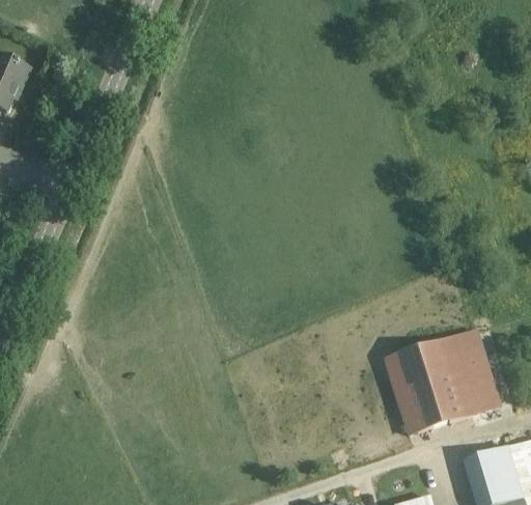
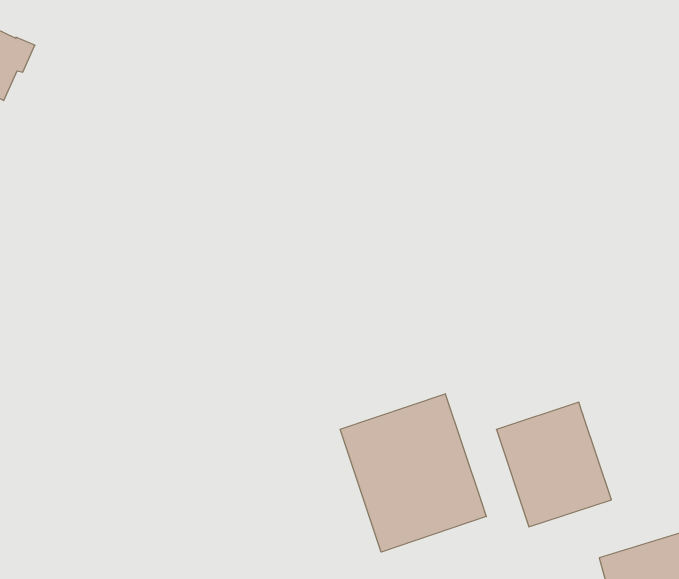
building: none -> [340,394,486,552]
building: [450,339,499,414] -> none

